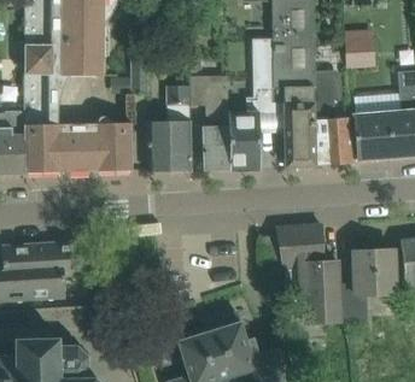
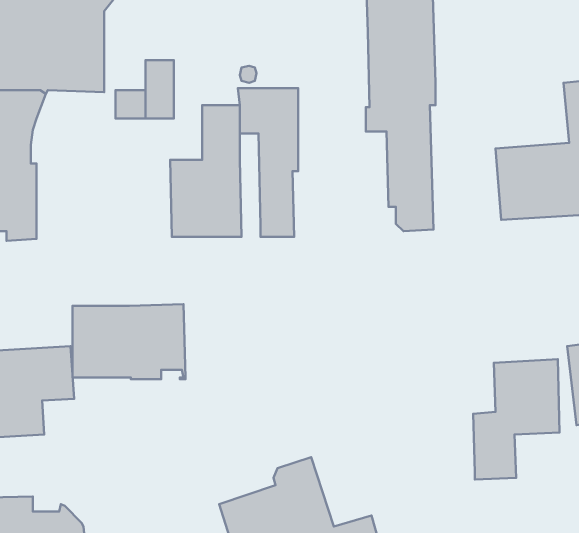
building: [344,29,375,69] -> none
building: [252,40,274,88] -> none
building: [312,70,353,166] -> none
building: [224,98,261,171] -> none
building: [60,123,133,171] -> [73,304,185,379]
building: [259,225,343,345] -> none

